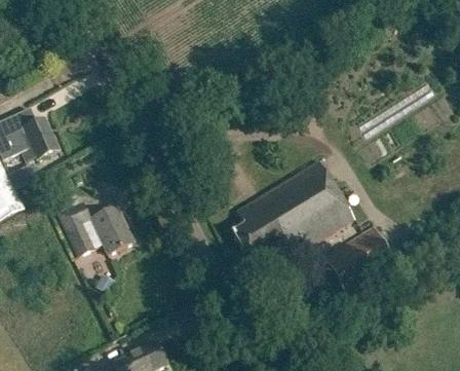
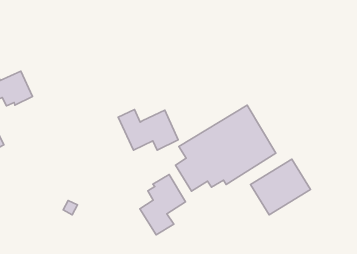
building: [61,206,133,255] -> [118,109,178,150]
building: none -> [140,174,186,235]

